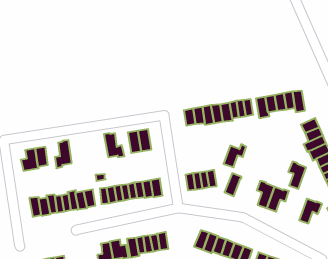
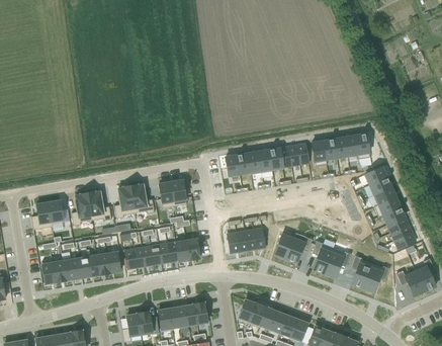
building: none -> [114,185,136,219]
building: none -> [88,191,111,221]
building: [223,144,246,167] -> [285,236,313,263]
building: [288,162,306,189] -> [351,255,372,287]

